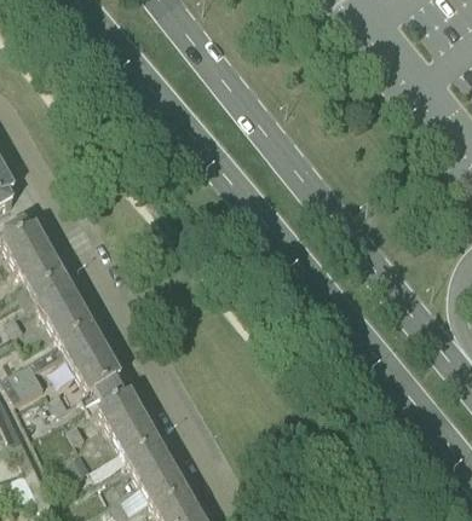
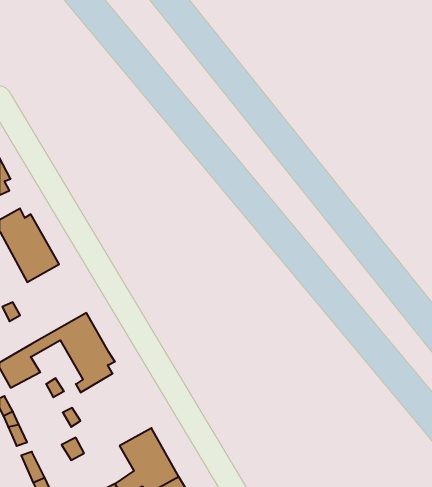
building: [27,278,97,359] -> none
building: [91,389,163,463] -> none

